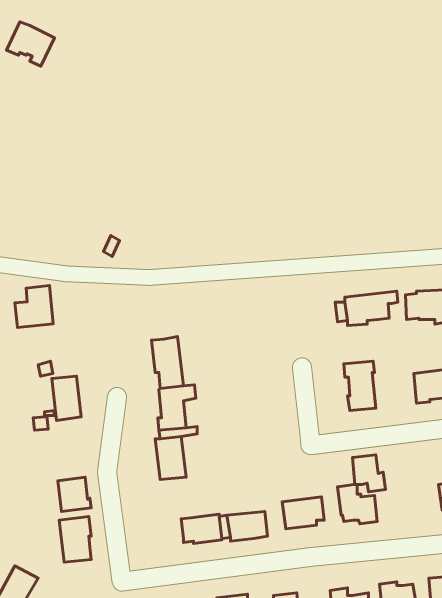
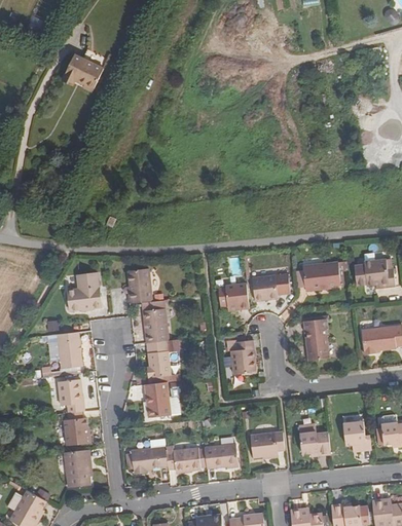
building: [6,22,54,66] -> [66,55,106,92]
building: [15,286,53,328] -> [68,275,100,310]
building: none -> [126,268,151,303]
building: none -> [252,275,278,301]
building: none -> [218,283,248,310]
building: none -> [232,341,256,374]
building: none -> [58,378,84,413]
building: [352,455,386,492] -> [342,420,370,451]
building: none -> [131,447,168,475]

